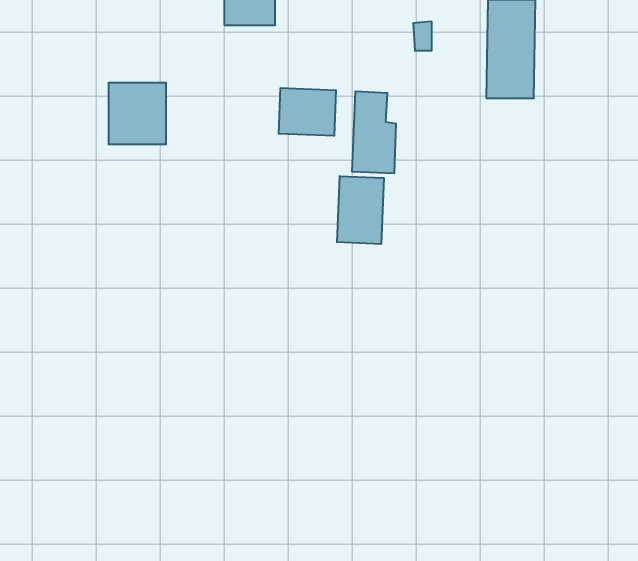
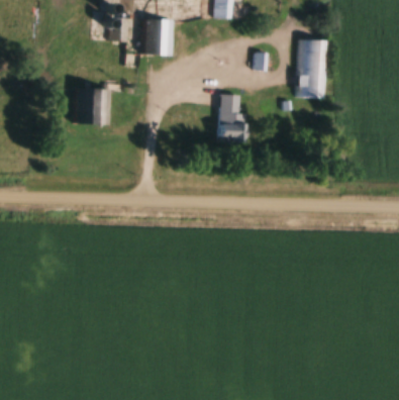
building: [279,88,336,136] -> none
building: [337,176,384,244] -> none

